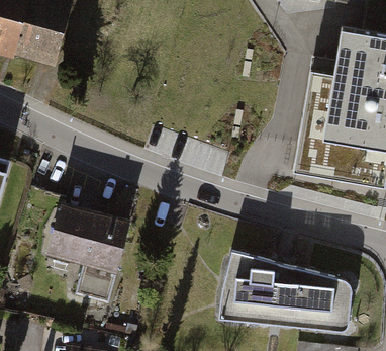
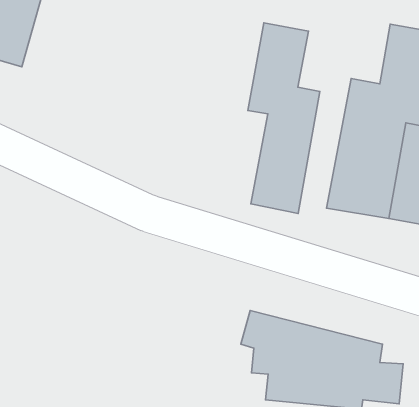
building: none -> [248,23,320,214]
building: [52,205,134,304] -> none

